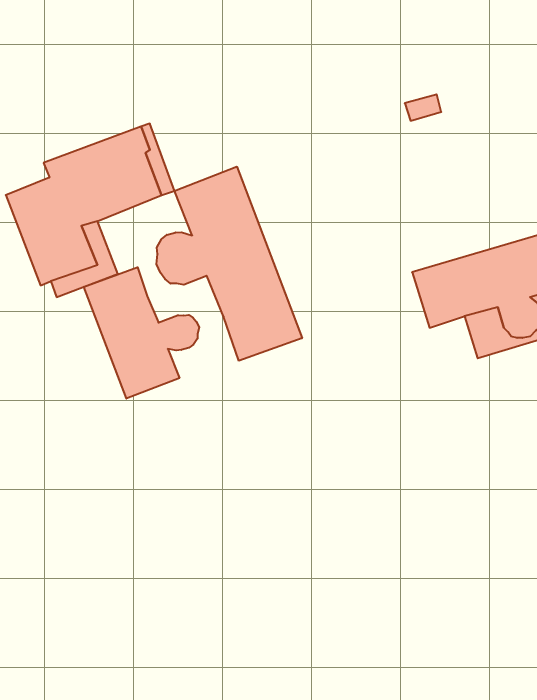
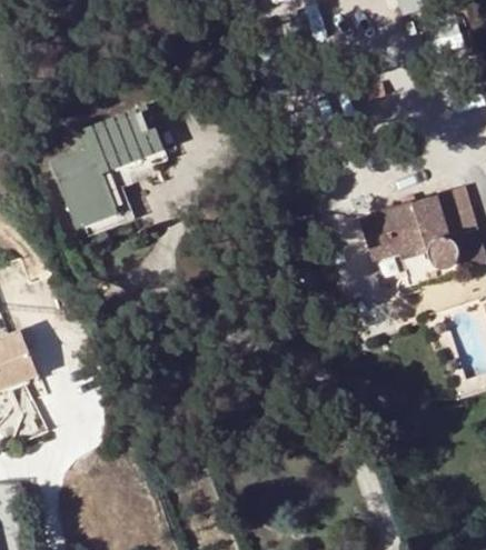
building: [157,167,302,361] -> none
building: [84,267,199,399] -> none

